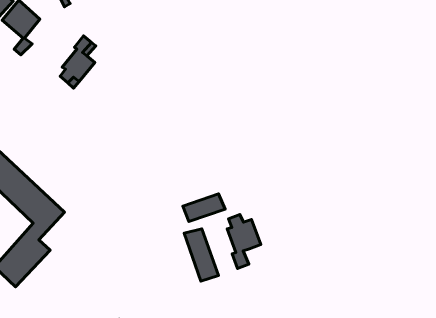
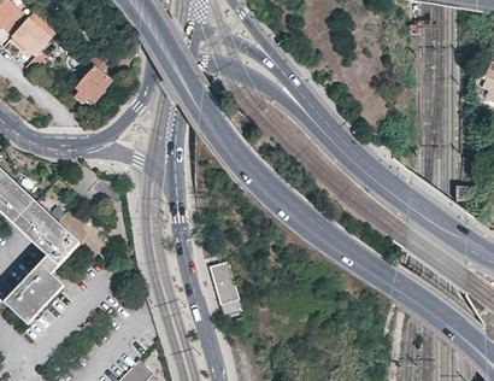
building: [183,194,225,222] -> none
building: [227,214,261,269] -> none

